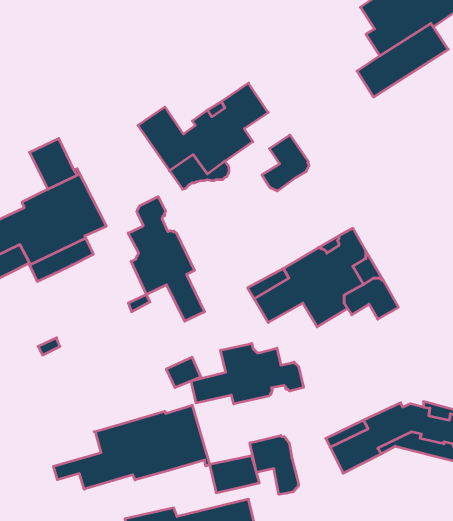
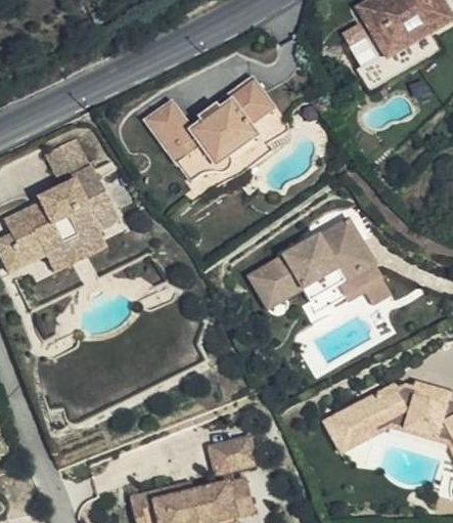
building: [262,135,309,191] -> none
building: [128,197,205,321] -> none
building: [191,343,304,404] -> none
building: [53,405,210,489] -> none
building: [250,435,298,494] -> none

